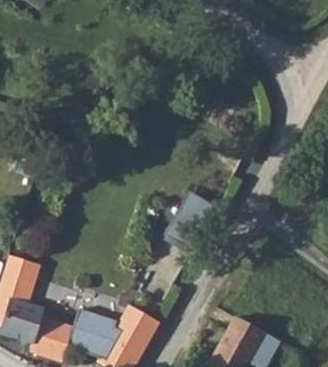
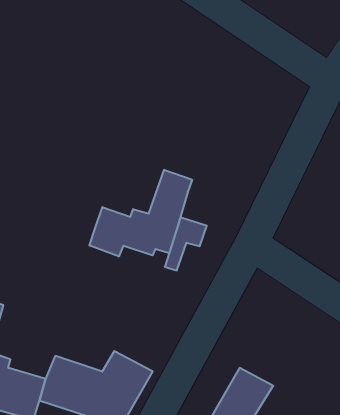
building: none -> [89,170,192,257]

